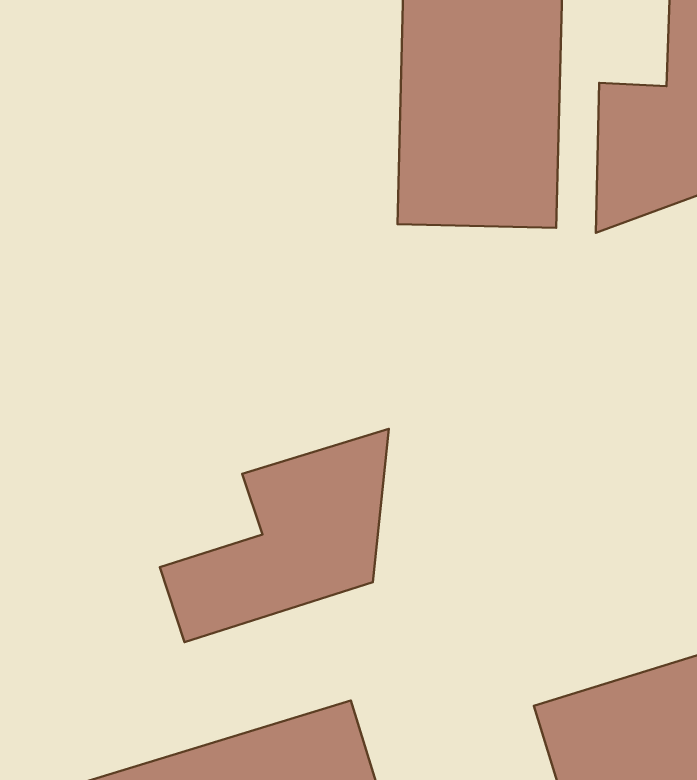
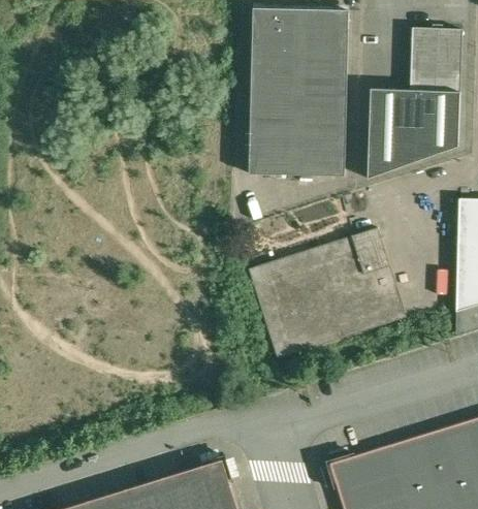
building: none -> [249,227,407,359]
building: [160,429,389,642] -> none

